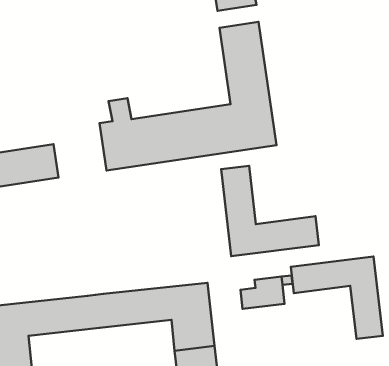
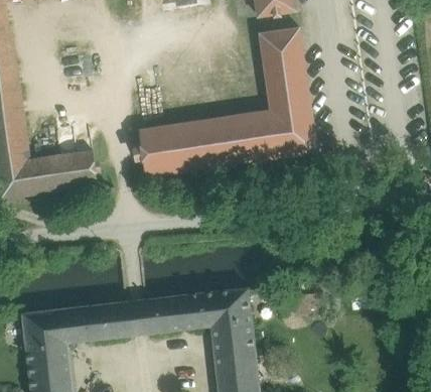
building: [221,166,319,256] -> none
building: [291,256,383,339] -> none

